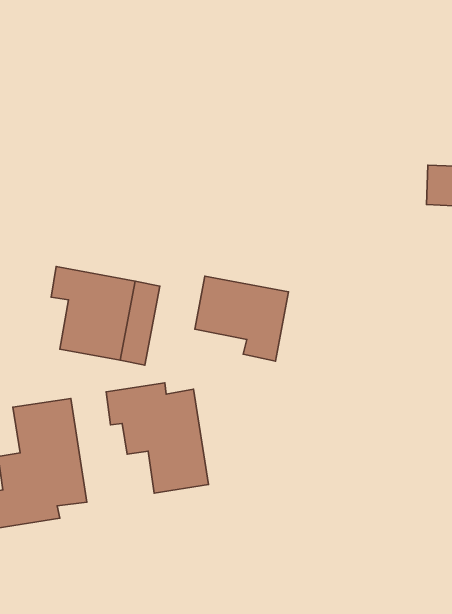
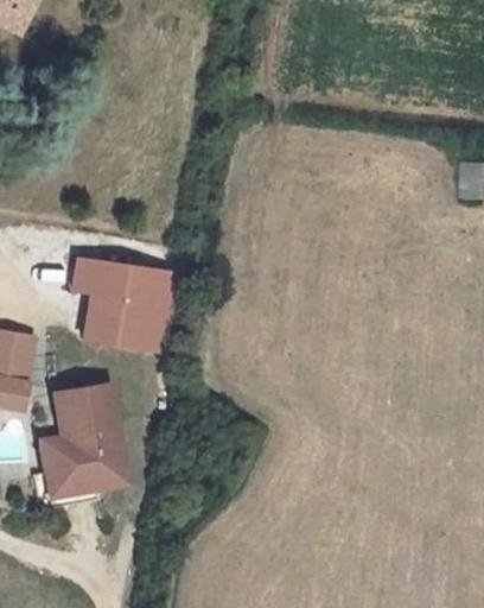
building: [195,276,289,361] -> none
building: [106,383,208,493] -> none

